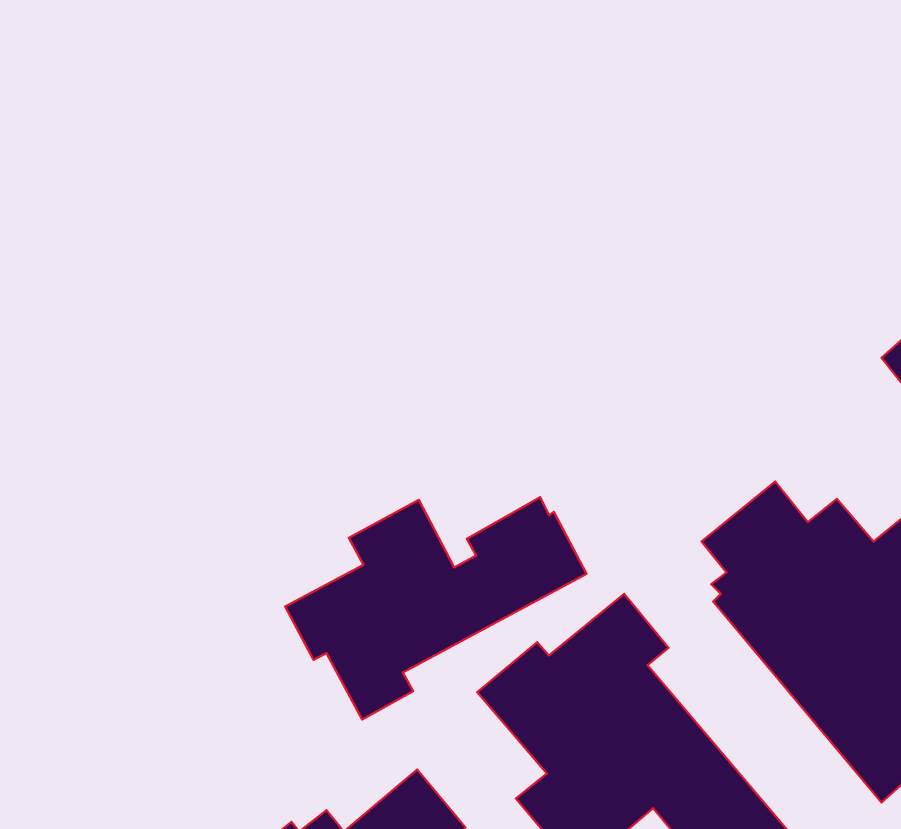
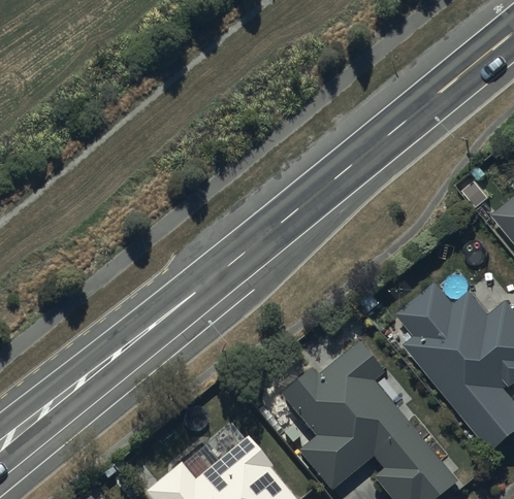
building: [285,497,587,719] -> none

